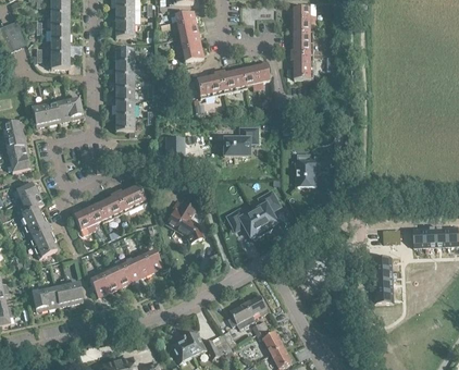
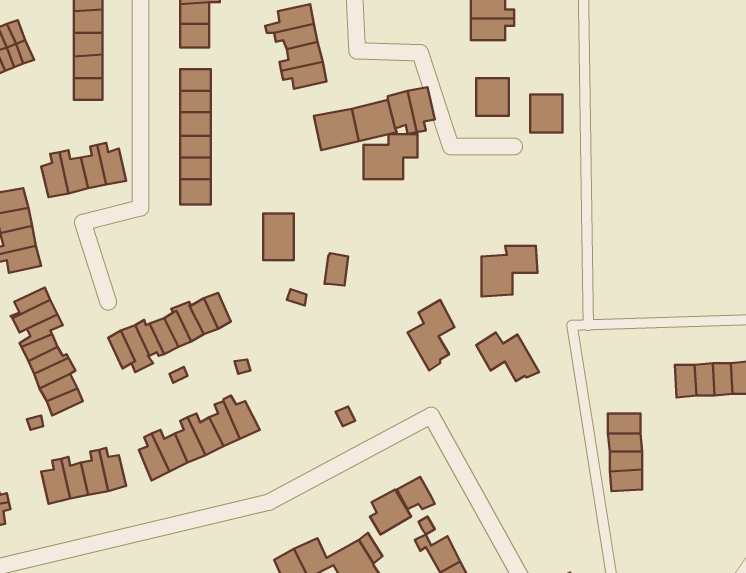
building: [293,32,312,54] -> [530,94,563,132]
building: [223,127,256,155] -> [363,134,418,179]
building: [164,199,202,243] -> none
building: [226,207,264,236] -> [476,333,539,381]

